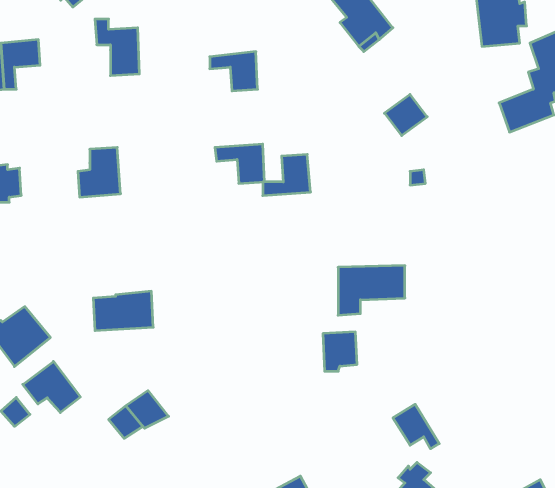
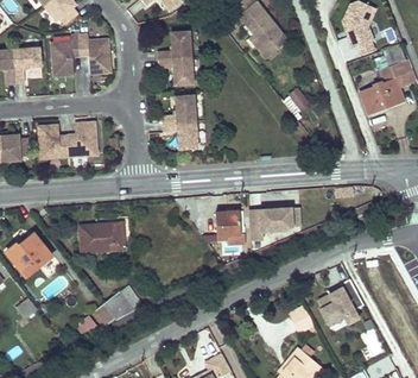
building: none -> [159,31,192,61]
building: none -> [53,34,82,76]
building: none -> [40,126,70,159]
building: [263,154,311,196] -> [164,95,197,124]
building: [323,332,357,371] -> [215,212,239,239]
building: [23,361,80,413] -> none
building: none -> [315,284,359,332]

